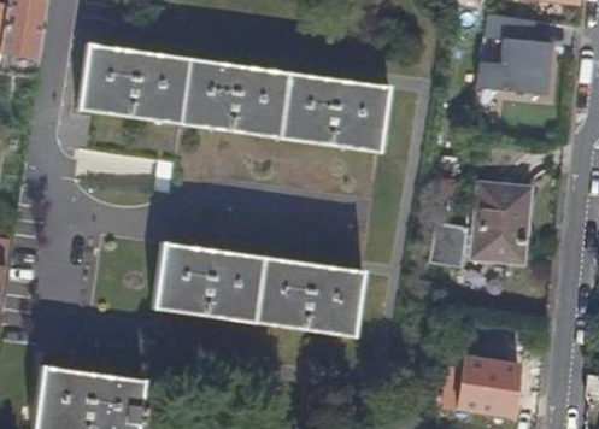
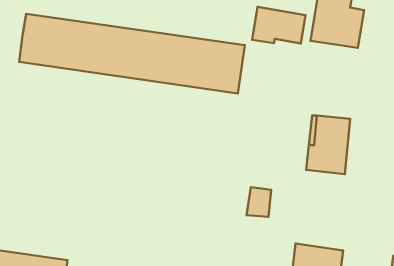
building: none -> [252,7,306,44]
building: [431,224,465,265] -> [247,187,271,217]
building: [152,243,360,337] -> none

